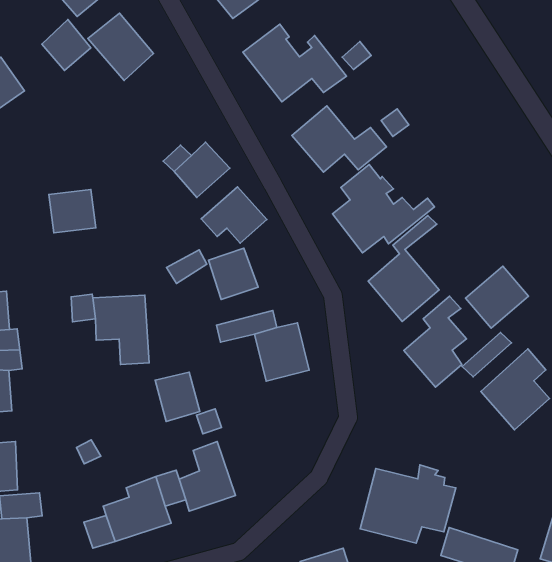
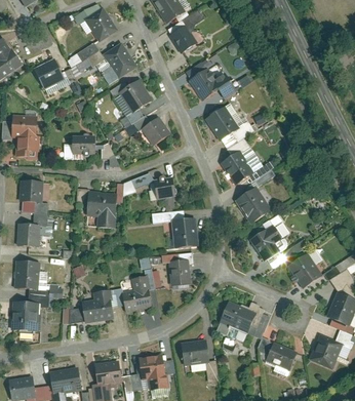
building: none -> [119,80,152,113]
building: [201,187,267,243] -> none
building: [465,266,529,328] -> none
building: [155,372,200,421] -> [168,262,190,286]

